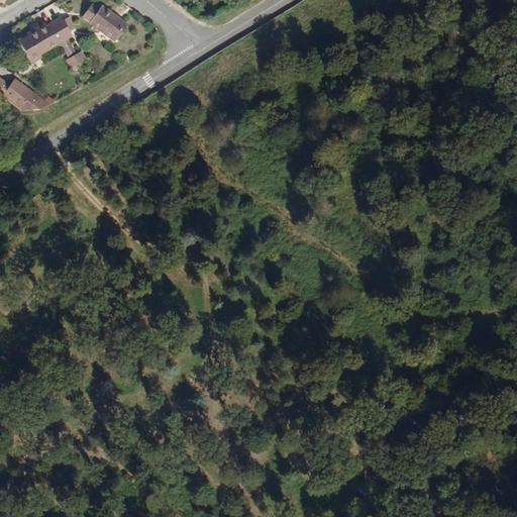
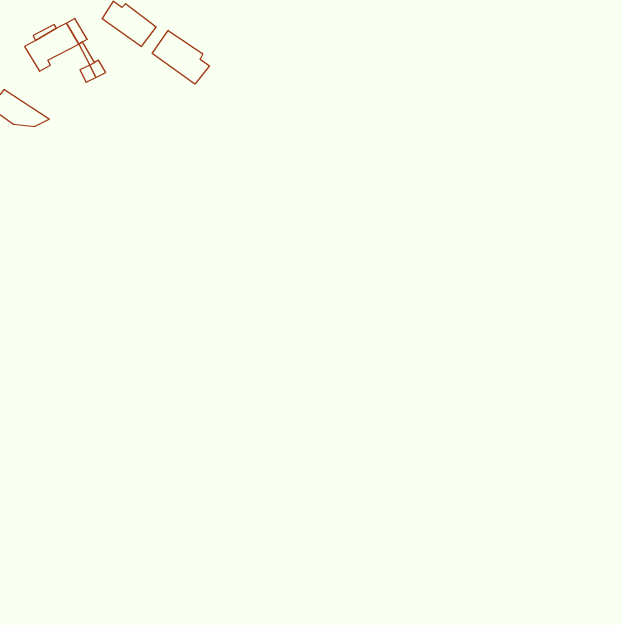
building: none -> [152,30,209,84]

